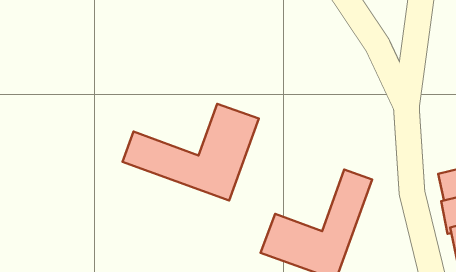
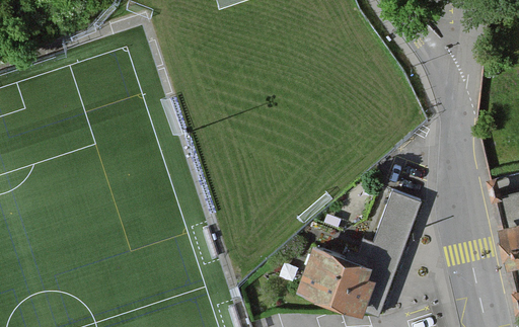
building: [122,104,259,201] -> none

